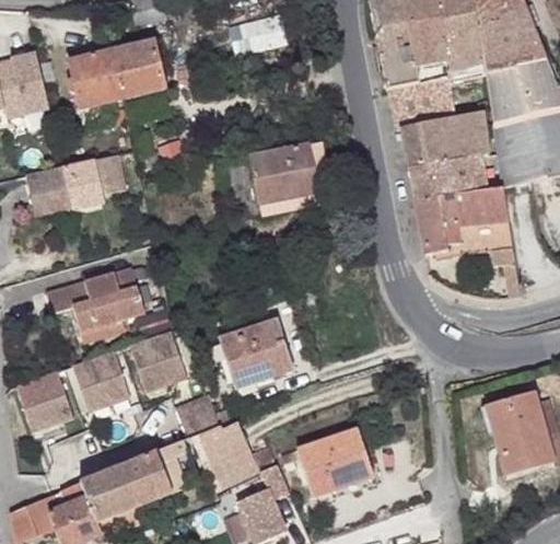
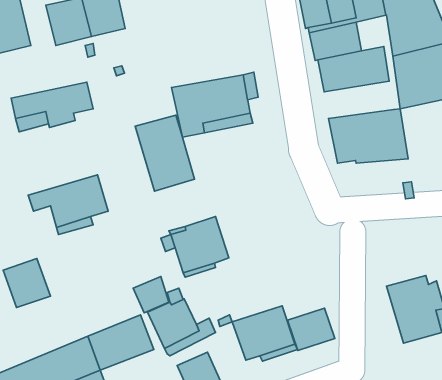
building: [409,152,494,198] -> none
building: none -> [135,115,194,191]
building: [129,329,187,391] -> none
building: [72,349,130,412] -> none
building: none -> [287,308,335,351]

